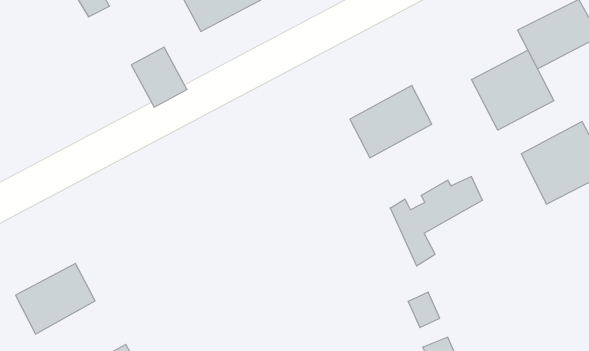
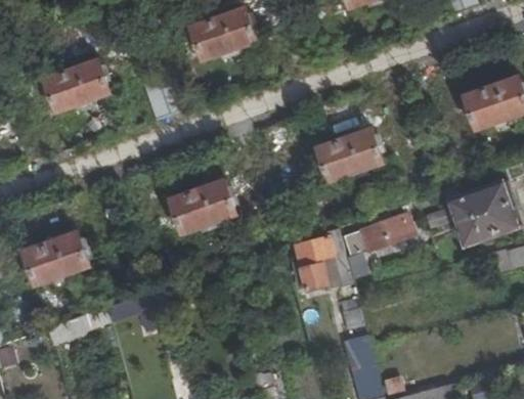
building: none -> [53,56,115,110]
building: [471,50,554,130] -> none
building: none -> [169,182,233,234]
building: none -> [291,227,349,289]

